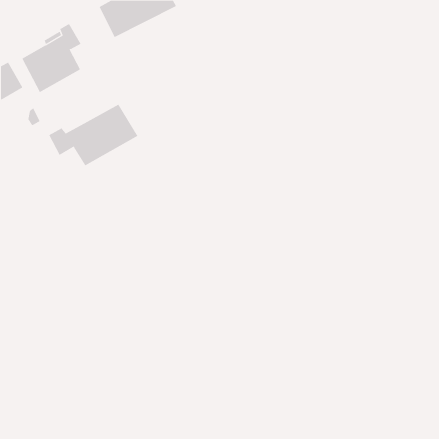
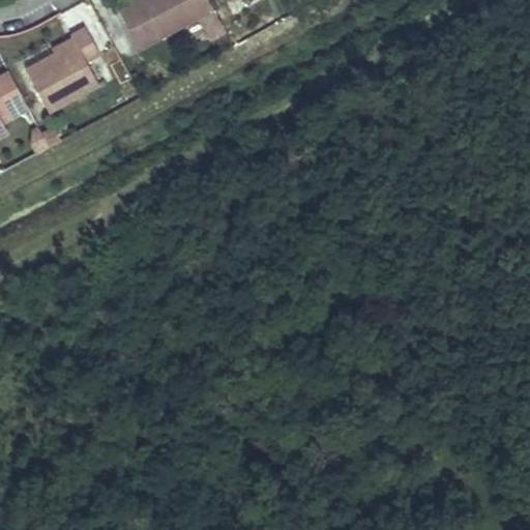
building: [48,104,138,166] -> none

